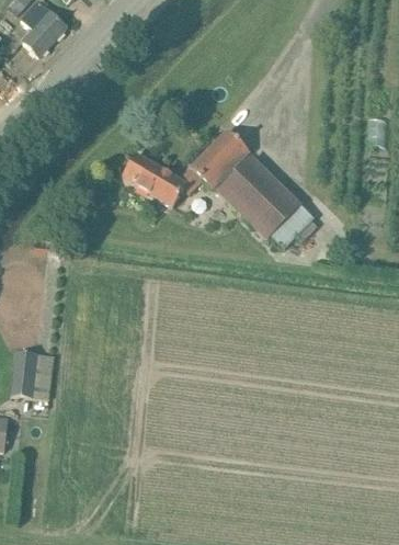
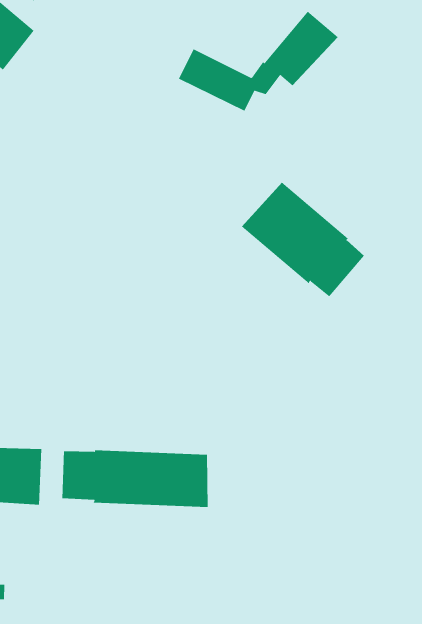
building: [123,129,250,205] -> [178,11,339,111]
building: none -> [62,449,208,508]

